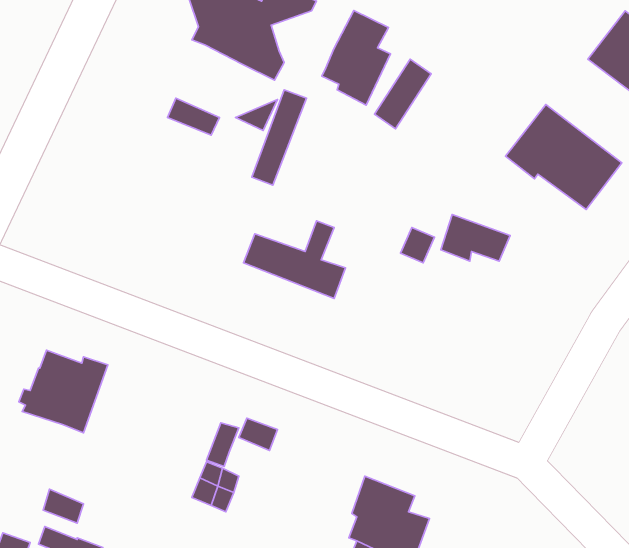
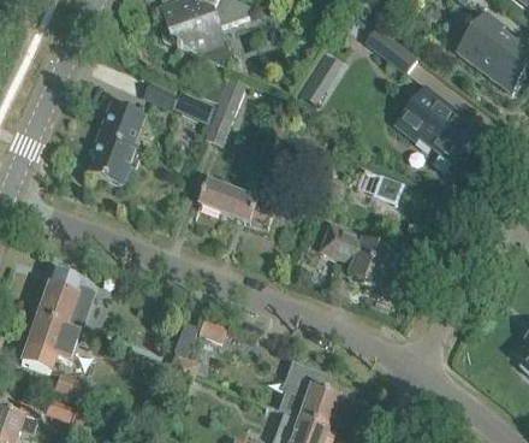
building: [322,11,391,105] -> none
building: none -> [362,26,414,73]
building: none -> [93,104,144,184]
building: none -> [320,224,416,284]
building: none -> [25,314,82,371]

